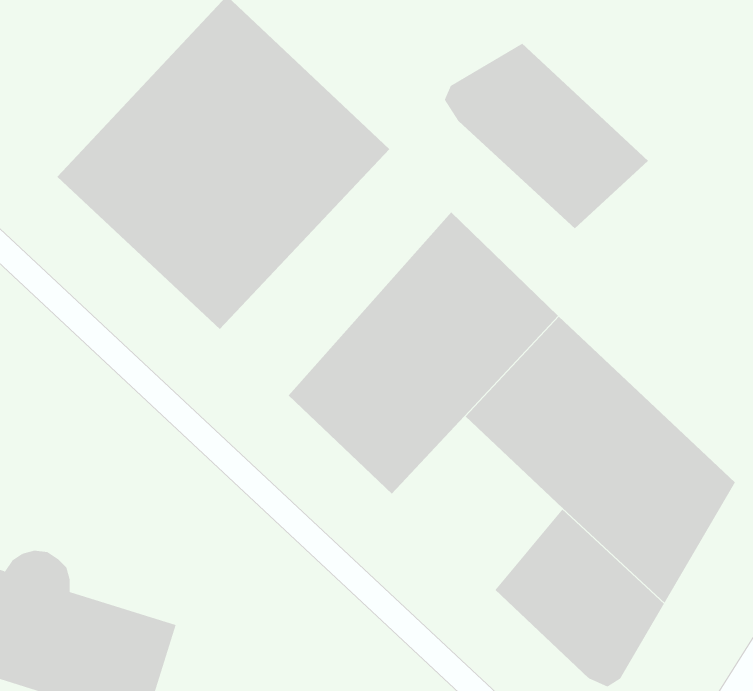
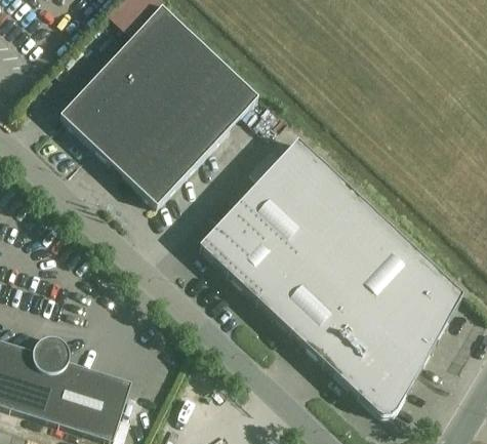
building: [444,43,649,229] -> none
building: none -> [258,256,359,359]

